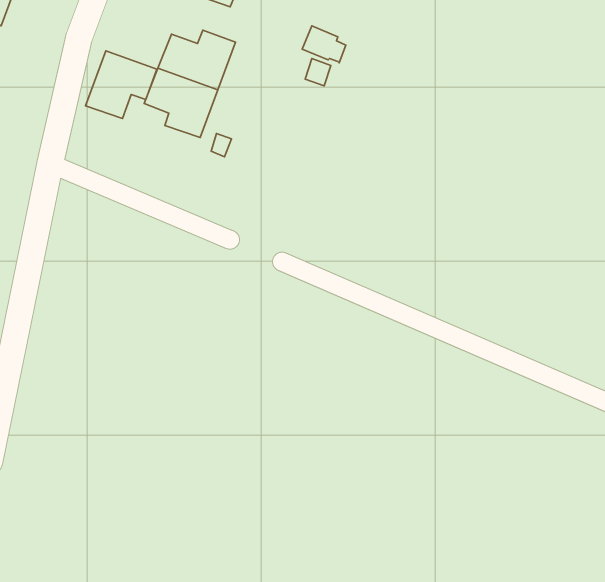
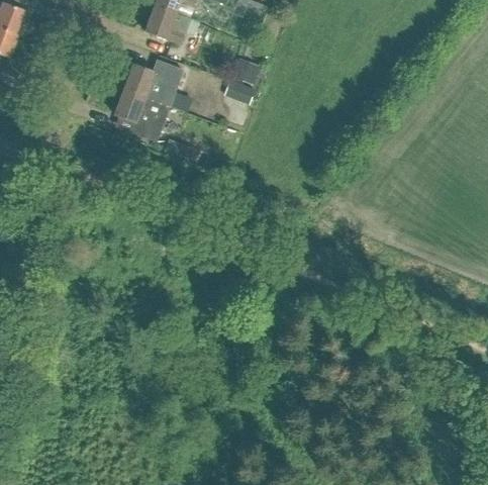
building: [85,51,157,118] -> none

